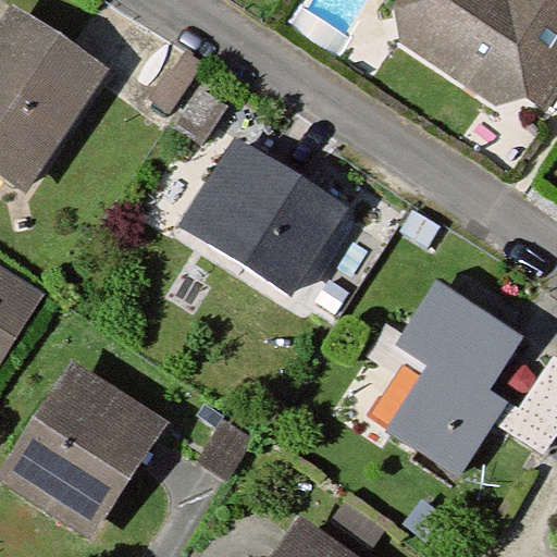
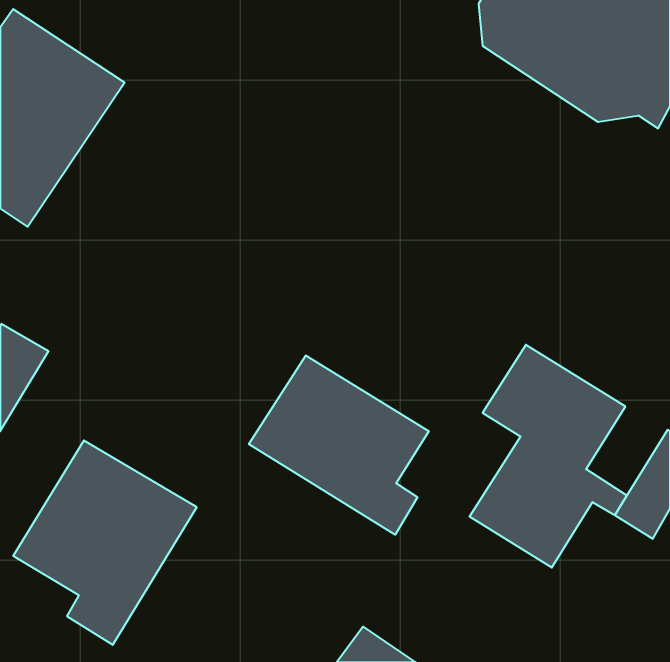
building: [181,138,345,294] -> none
building: none -> [249,355,429,535]

